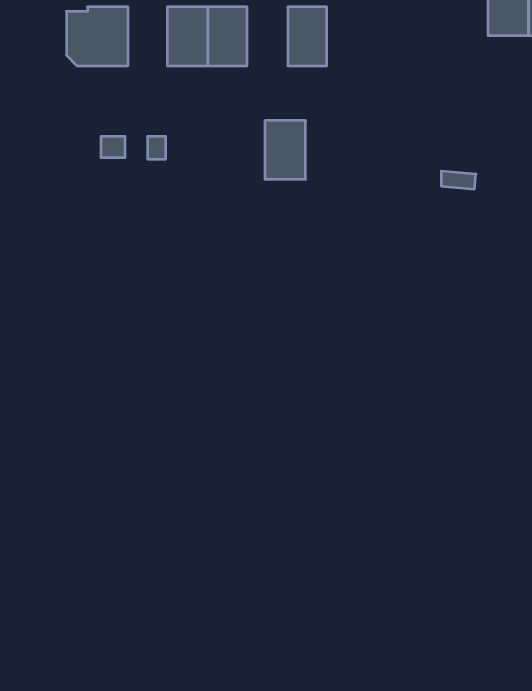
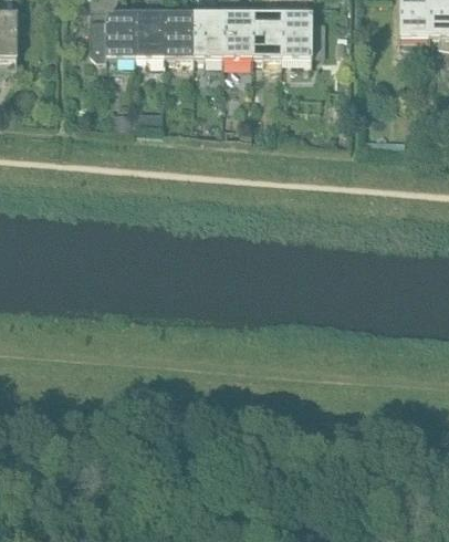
building: none -> [135,12,164,55]
building: none -> [281,12,311,55]
building: [265,121,306,179] -> [222,12,252,55]

